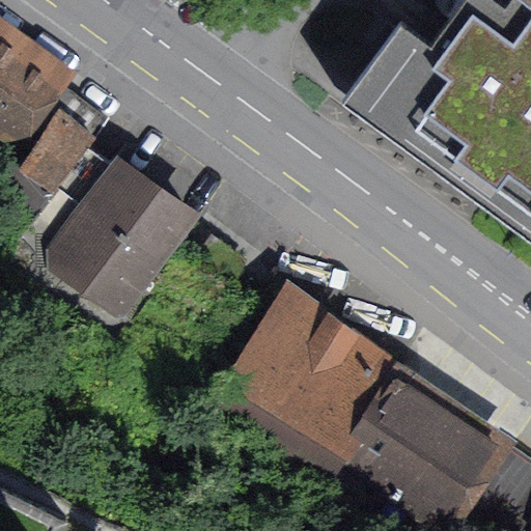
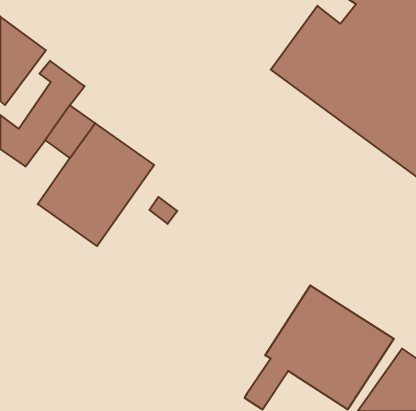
building: [198,288,396,498] -> none

